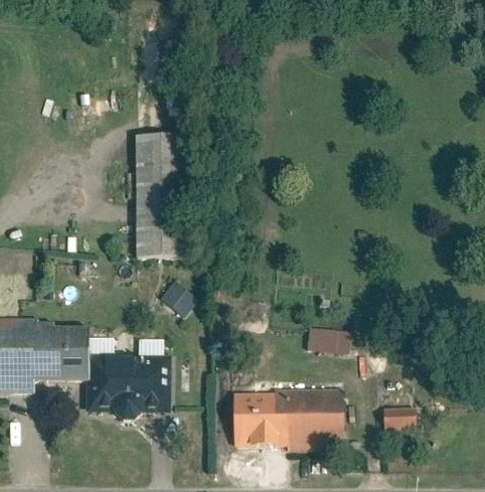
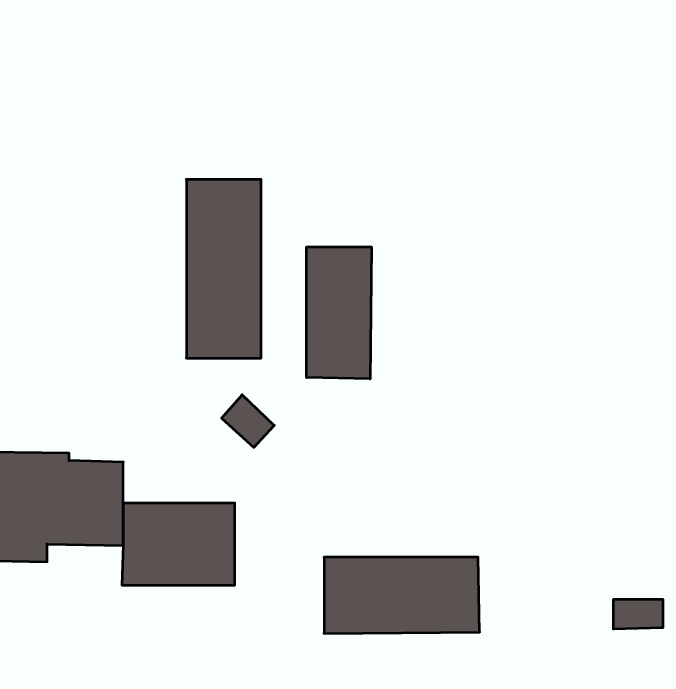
building: none -> [307,247,371,379]
building: [308,328,352,359] -> none
building: [383,411,418,431] -> [613,600,663,629]

